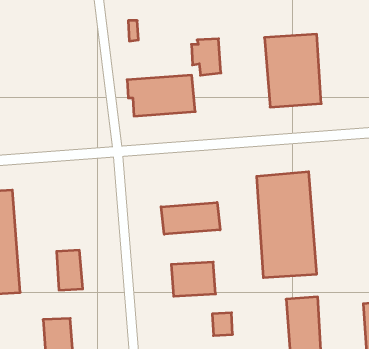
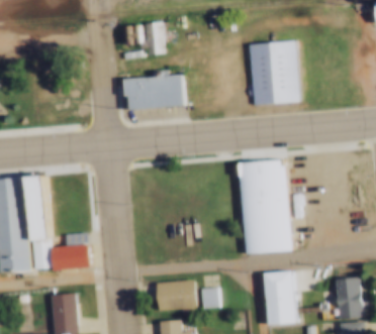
building: [191,39,221,75] -> [137,21,164,53]
building: none -> [23,176,53,268]
building: [161,202,220,234] -> none
building: [171,262,216,296] -> [157,280,196,310]

